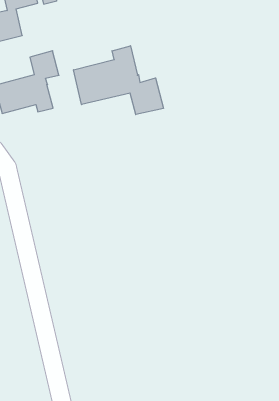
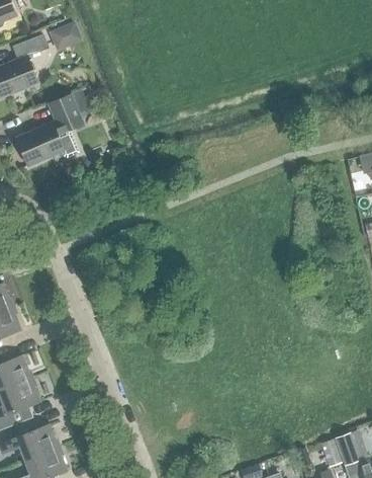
building: [74,46,163,115] -> none

